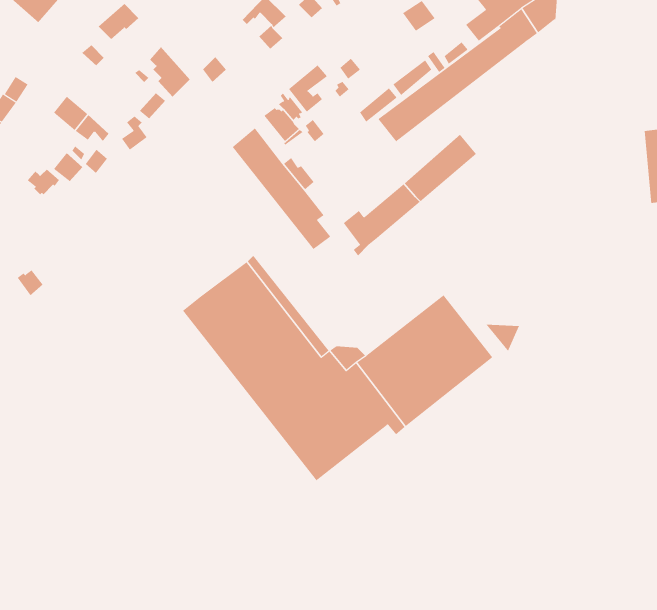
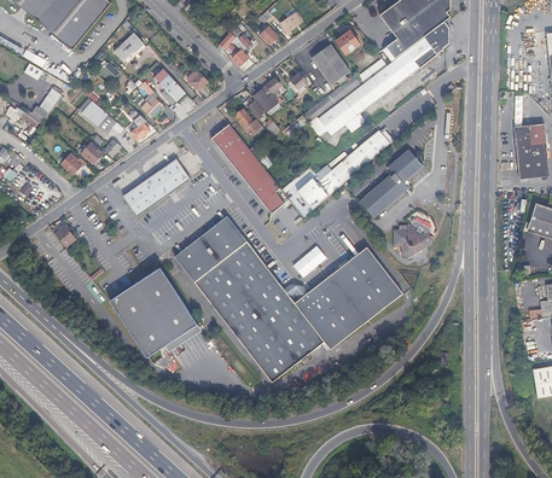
building: none -> [310,43,349,84]
building: none -> [360,150,419,215]
building: none -> [126,162,191,216]
building: none -> [393,218,432,256]
building: none -> [109,267,197,357]

